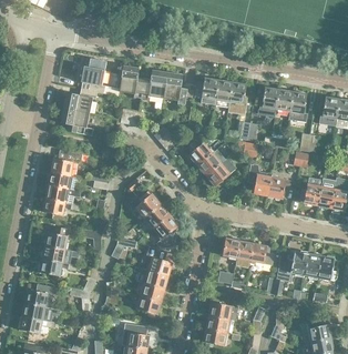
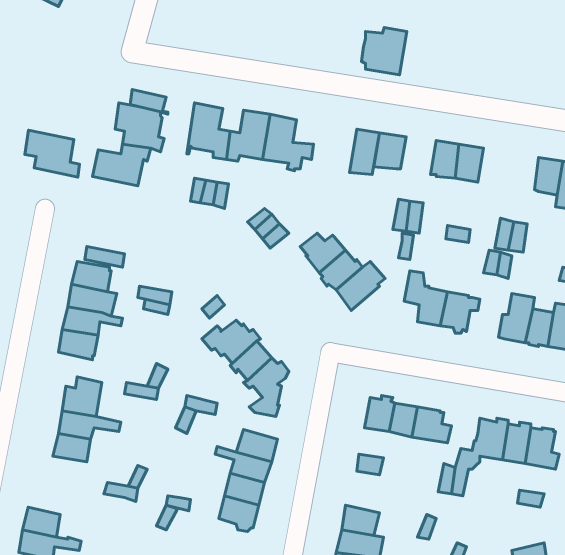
building: [192,78,218,105] -> [362,28,407,75]
building: [288,91,307,122] -> none
building: [61,108,93,135] -> [25,130,80,177]
building: [25,284,55,309] -> none

